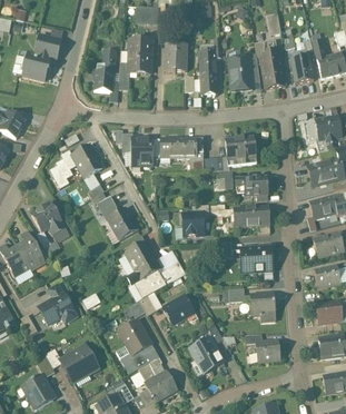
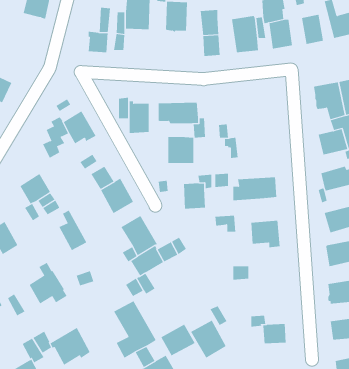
building: [22,52,51,79] -> none
building: [226,135,256,164] -> none
building: none -> [168,136,194,164]
building: [235,174,268,195] -> none
building: [18,230,45,268] -> [58,210,87,251]
building: [249,292,275,321] -> none
building: [161,293,194,323] -> [160,324,195,356]

